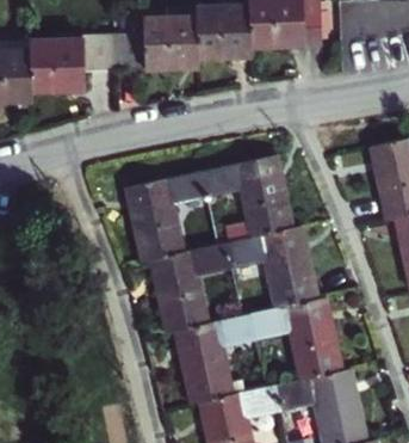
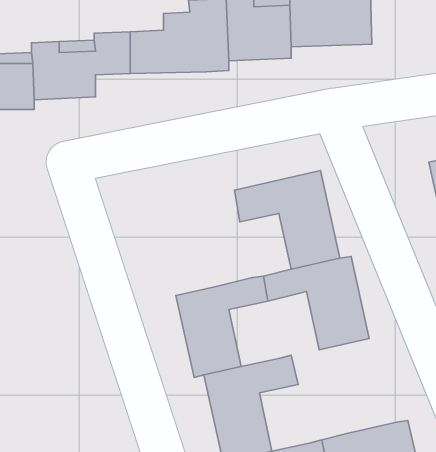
building: [125,171,206,264] -> none
building: [250,296,342,380] -> none

